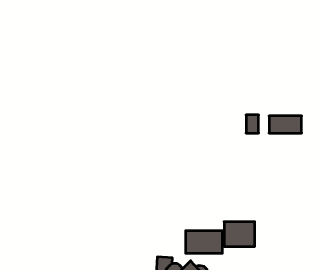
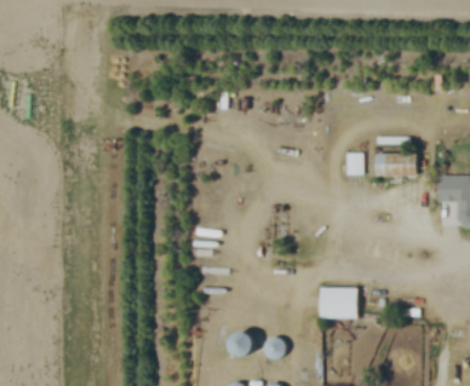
building: [186,231,222,253] -> none

